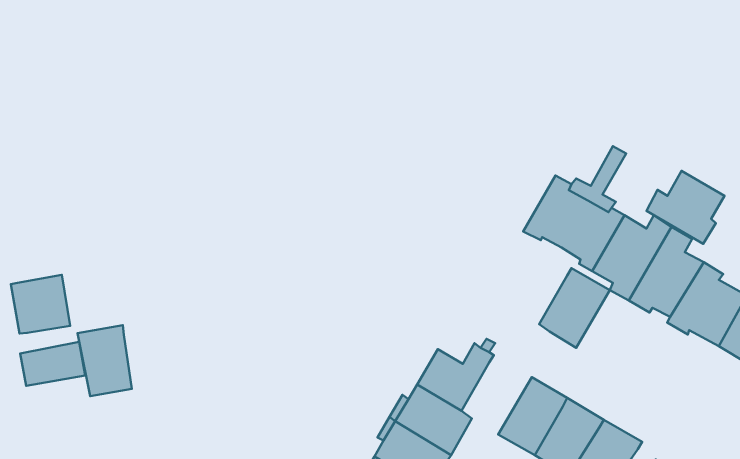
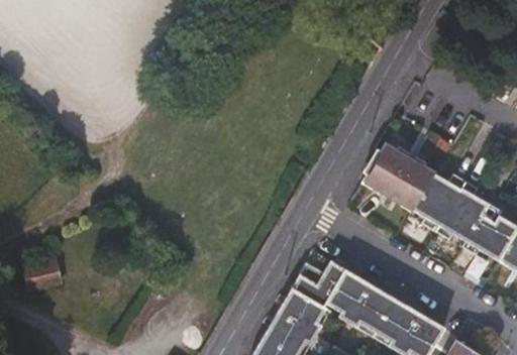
building: [646,171,725,244] -> none
building: [539,268,610,348] -> [323,269,372,324]
building: [11,275,70,333] -> none
building: [78,325,132,396] -> none

